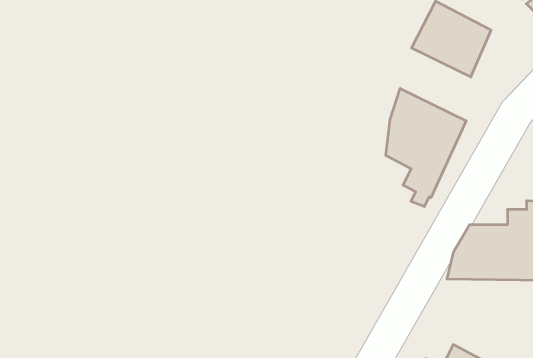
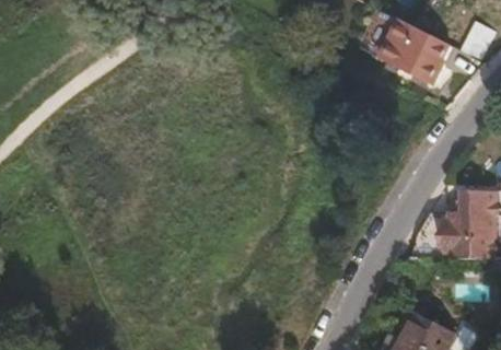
building: [386,88,466,207] -> none

